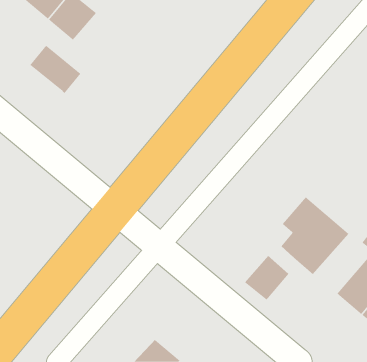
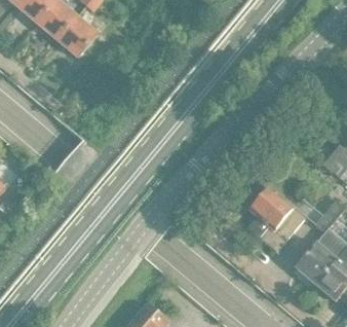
building: [30,45,81,94] -> none
building: [244,255,289,301] -> none

